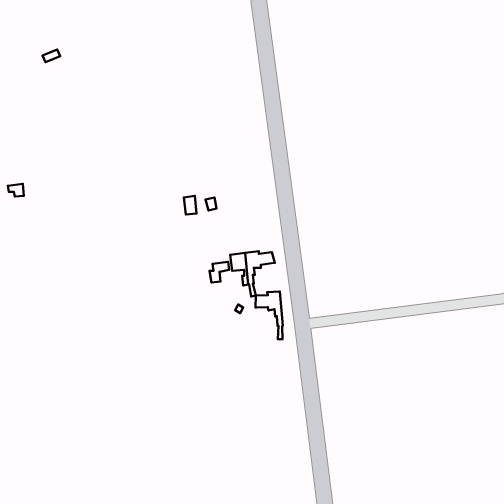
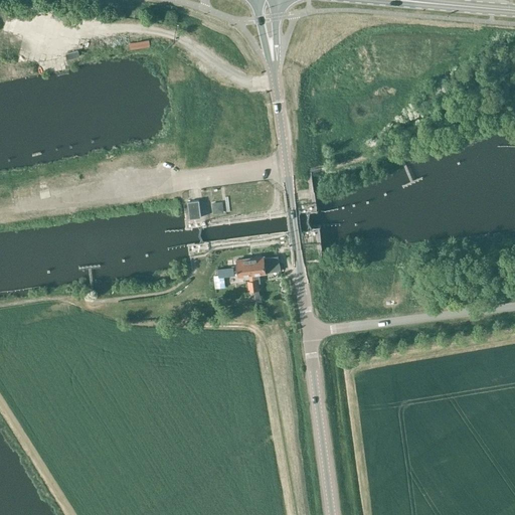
building: [255,292,283,339] -> none

